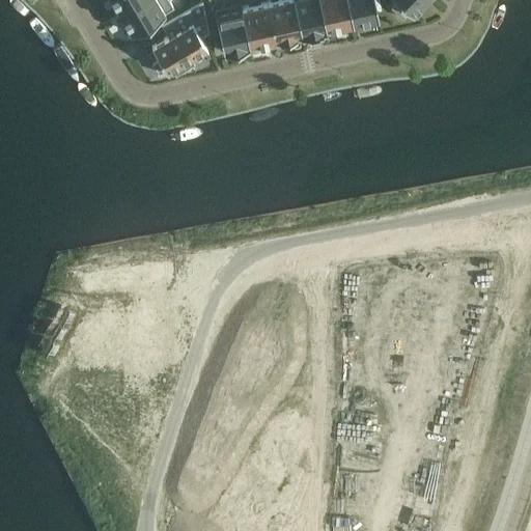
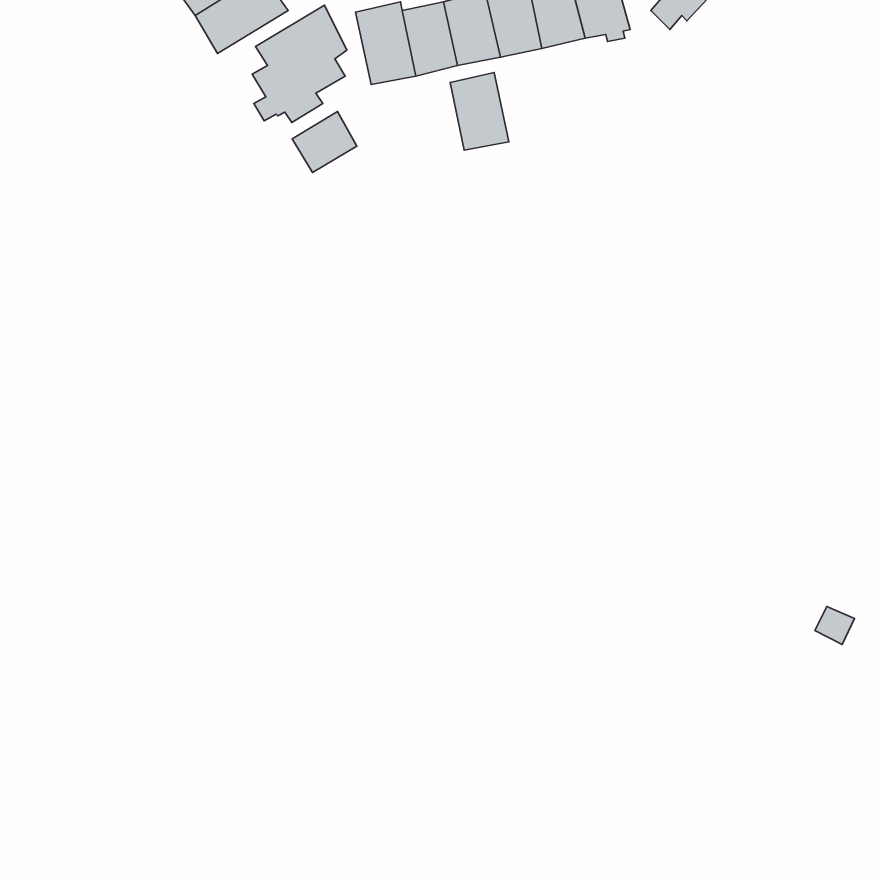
building: none -> [450,72,509,150]
building: none -> [292,112,357,173]

